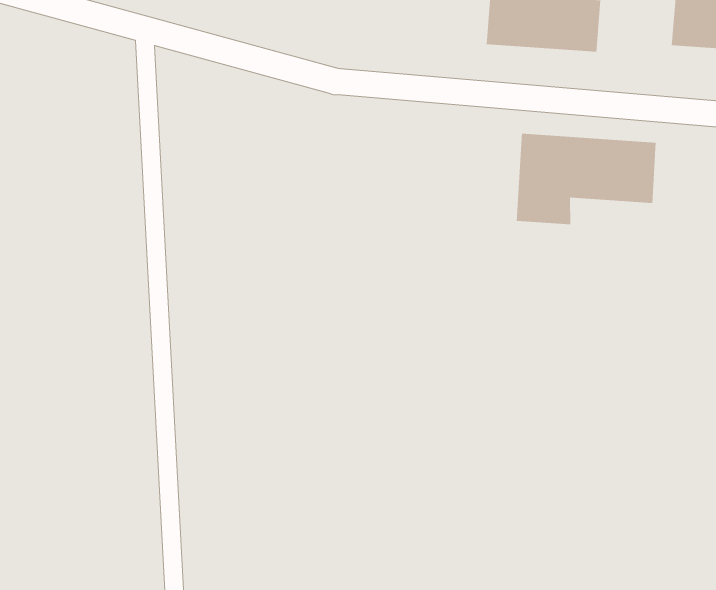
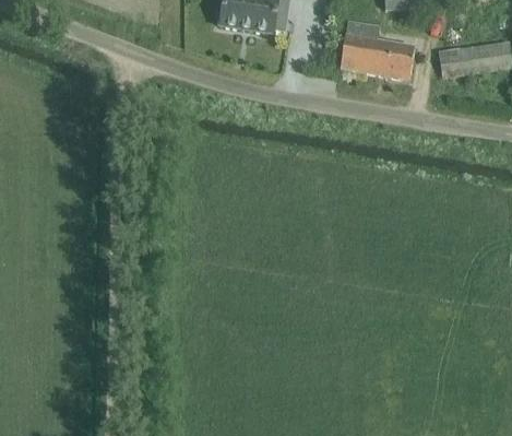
building: [516,133,656,225] -> none

